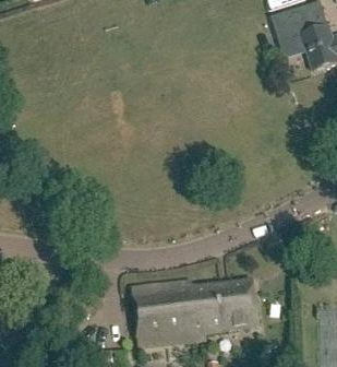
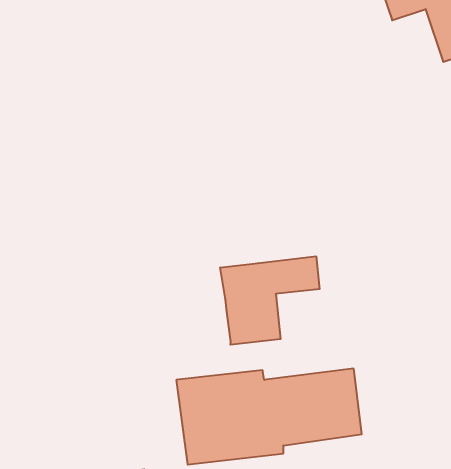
building: none -> [220,256,320,345]

